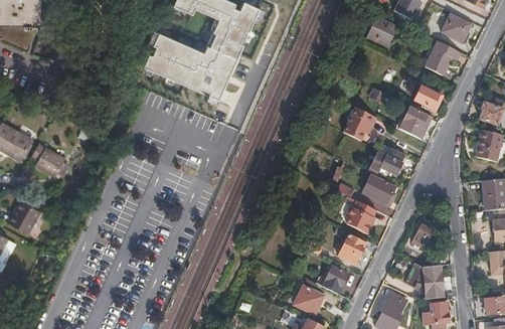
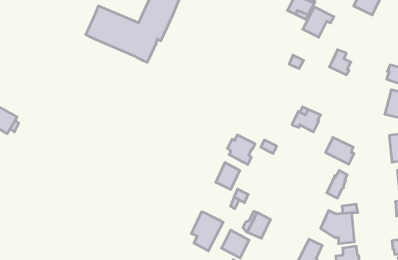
building: [427,41,462,75] -> [303,7,334,37]
building: [398,106,431,138] -> none
building: [345,108,378,140] -> none
building: [365,175,397,205] -> [326,137,354,164]
building: [346,201,377,234] -> [227,135,255,164]
building: [339,234,366,265] -> [216,163,240,189]
building: none -> [191,212,223,251]

